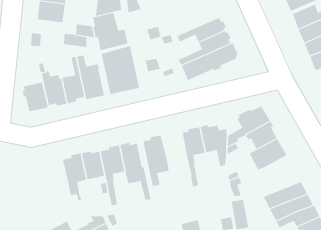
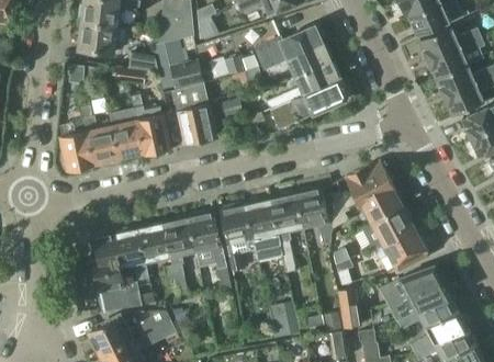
building: none -> [257,25,323,69]
building: none -> [245,199,284,261]
building: none -> [374,229,426,268]
building: none -> [90,233,141,312]

